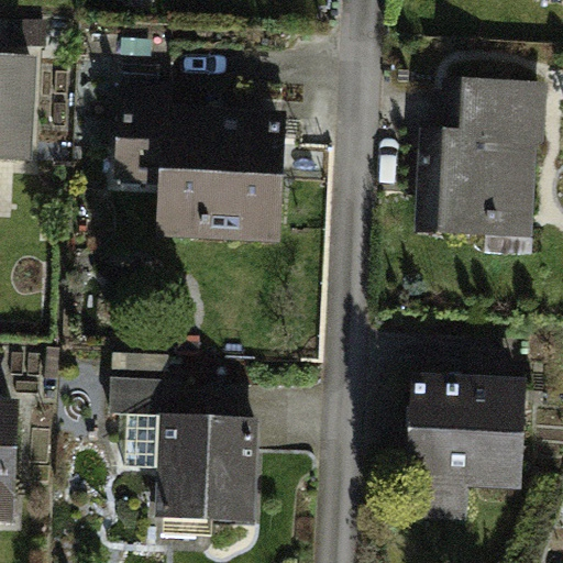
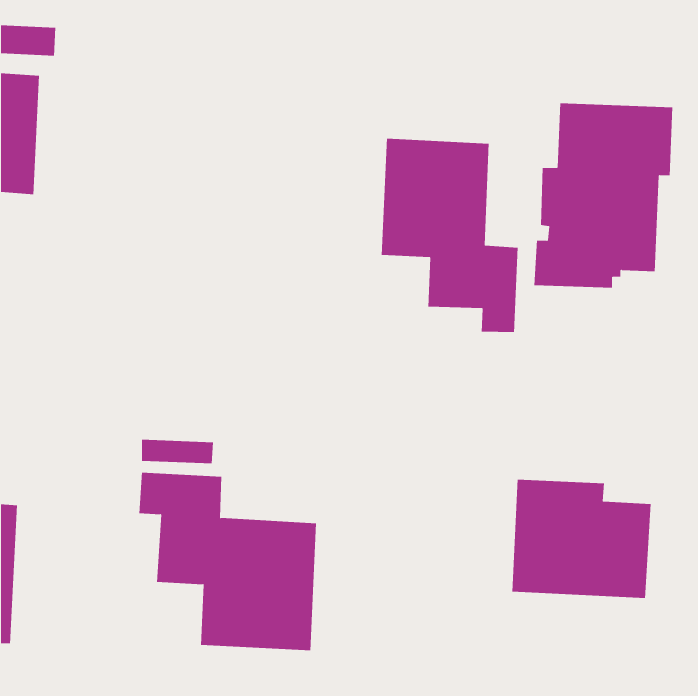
building: [123,89,283,234] -> none
building: none -> [381,138,518,333]

